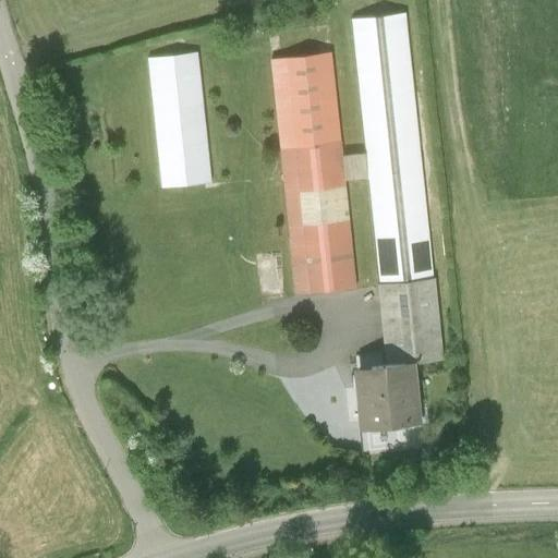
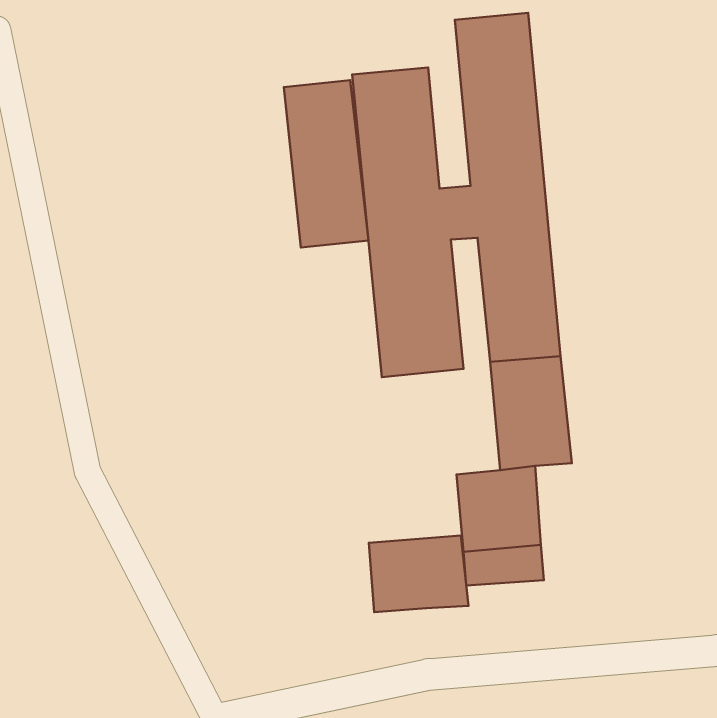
building: [148,53,214,183] -> [284,80,368,248]
building: none -> [369,535,468,612]

